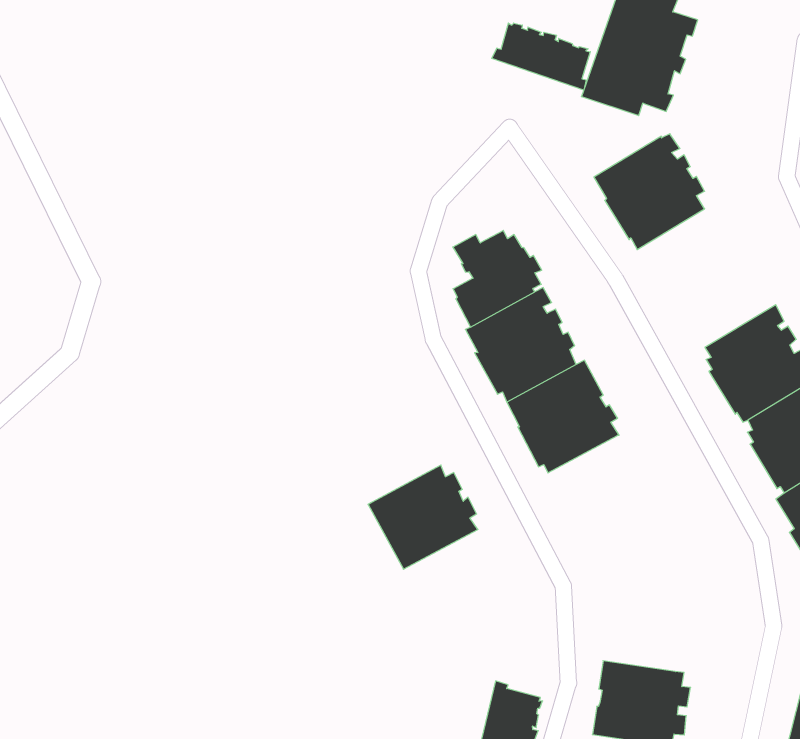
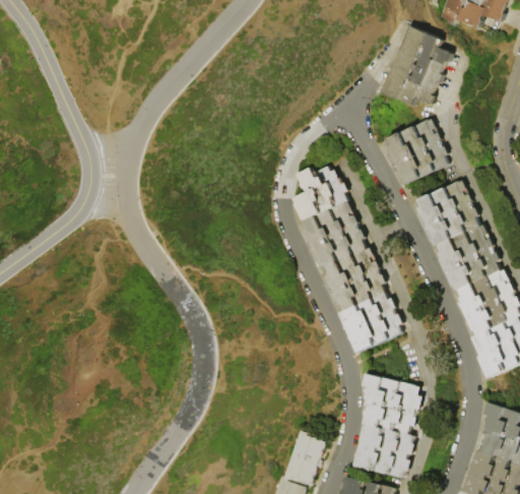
building: [492,23,590,90] -> none
building: none -> [417,181,478,246]
building: [368,465,478,569] -> [338,293,401,352]
building: none -> [362,374,420,434]

